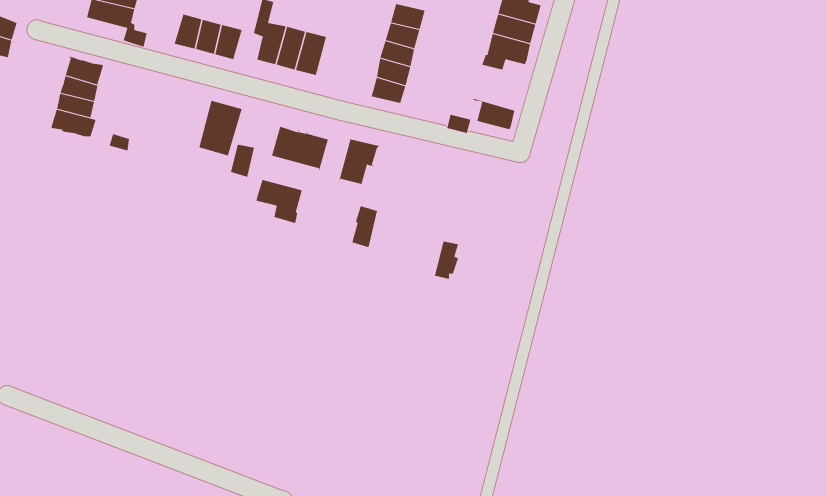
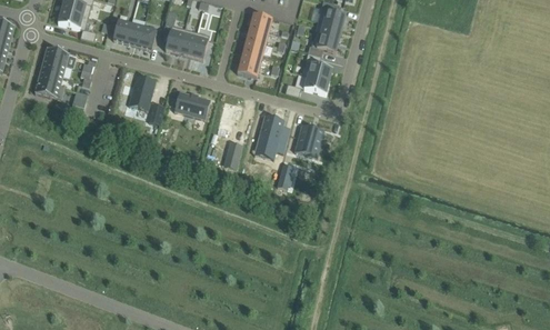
building: none -> [301,51,332,80]
building: none -> [256,113,288,151]
building: none -> [293,123,323,156]
building: [256,179,302,224] -> none

